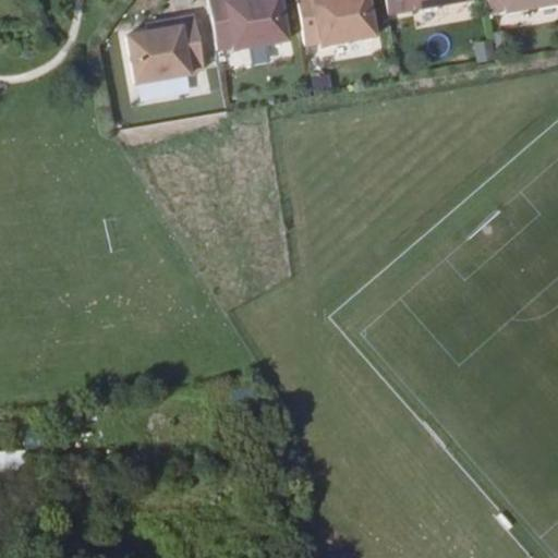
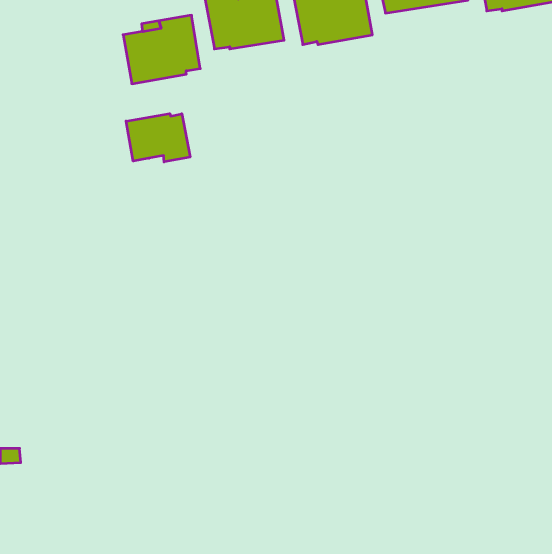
building: none -> [126,114,190,162]

